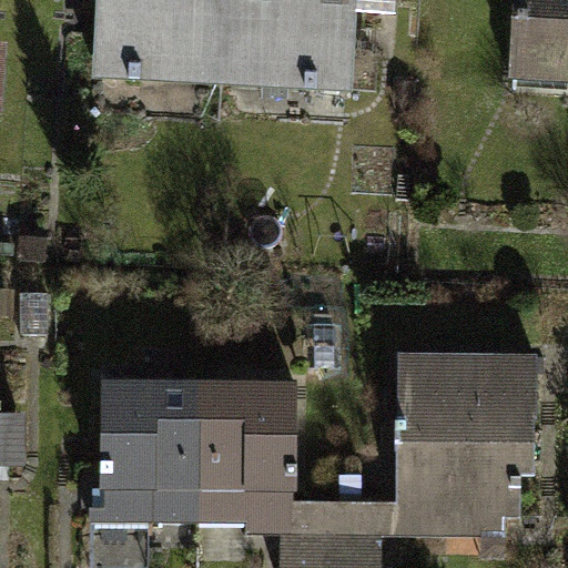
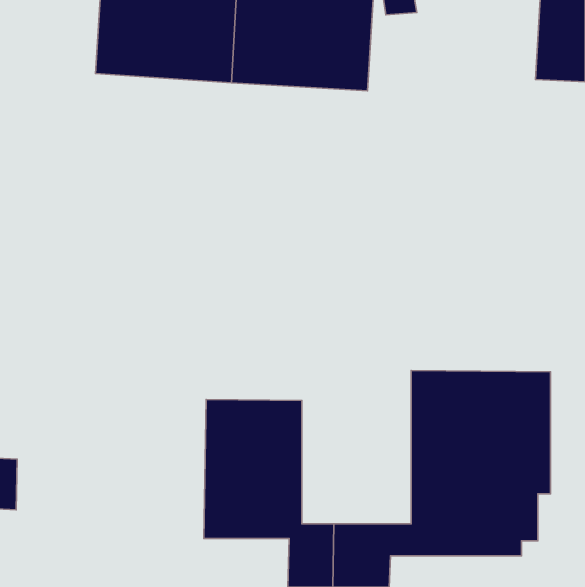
building: [103,384,199,519] -> none

